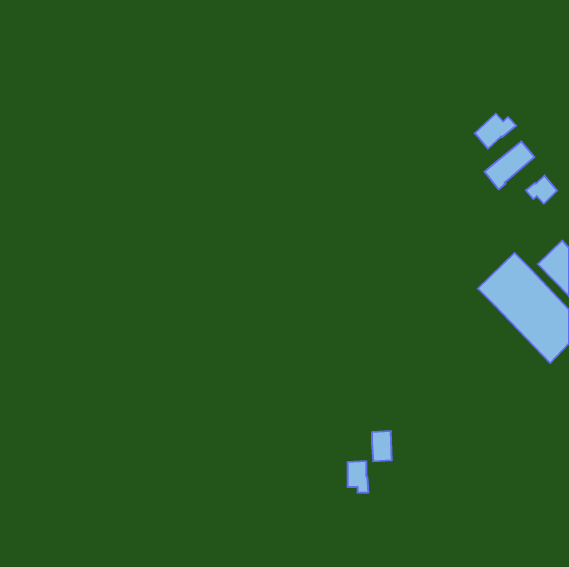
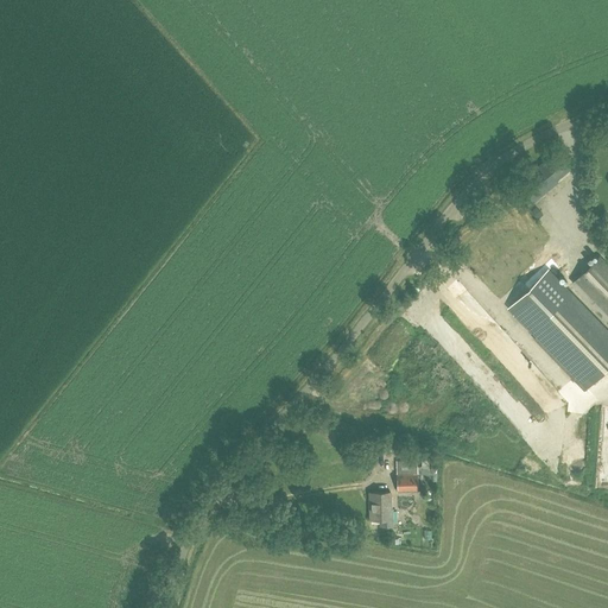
building: [475,114,516,149] -> none
building: [526,175,557,204] -> none

